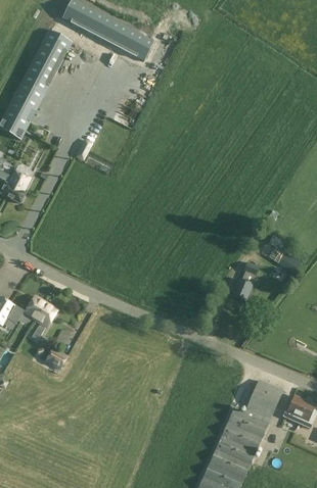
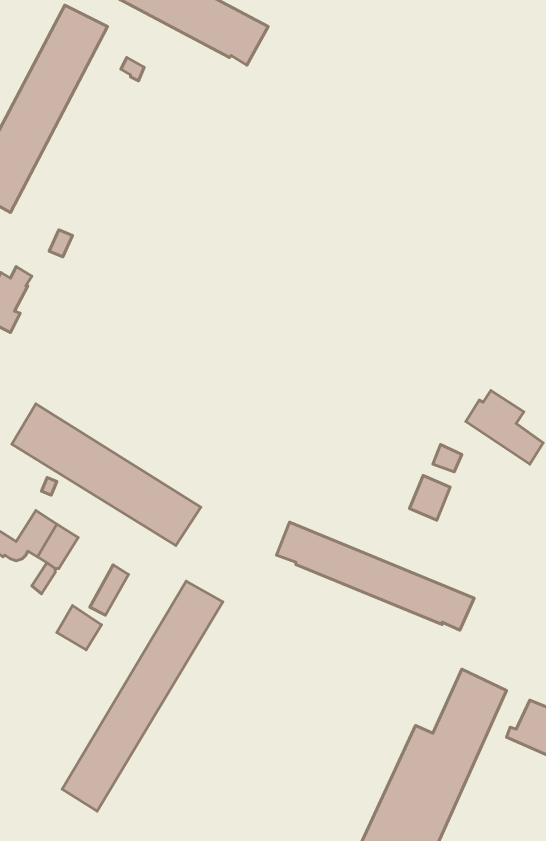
building: none -> [12,404,201,546]
building: none -> [277,522,474,630]
building: none -> [62,581,223,811]

